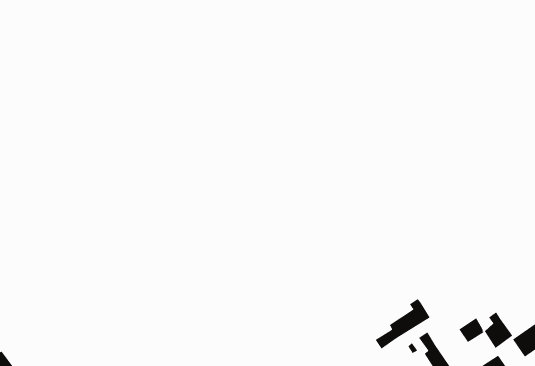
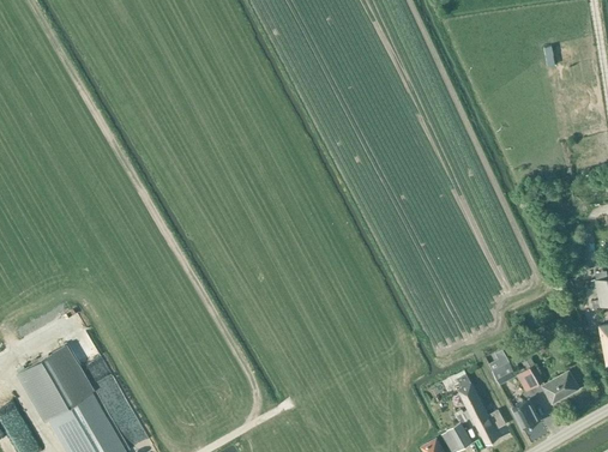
building: [375,298,430,350] -> none

